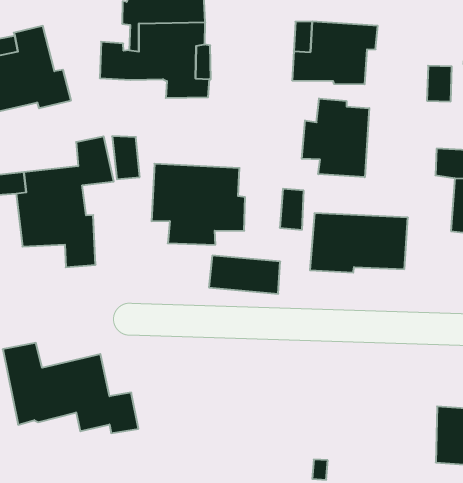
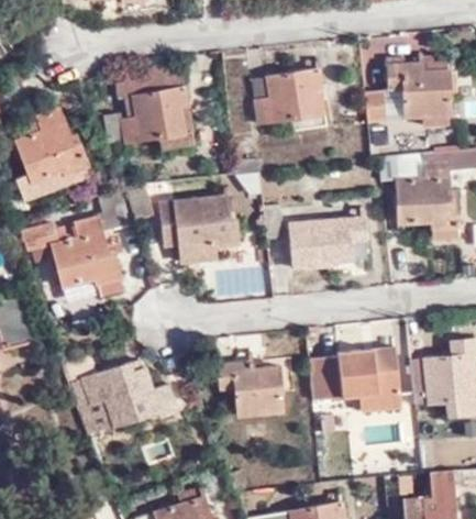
building: [302,98,369,177] -> none
building: none -> [218,363,283,419]
building: none -> [308,346,400,412]

